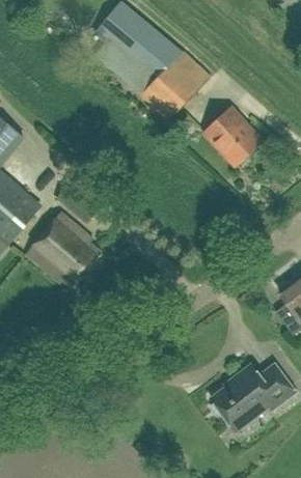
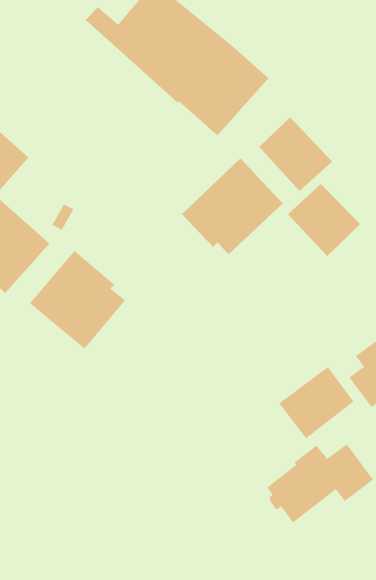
building: none -> [181,158,283,255]
building: none -> [287,183,361,257]
building: none -> [278,366,354,439]

